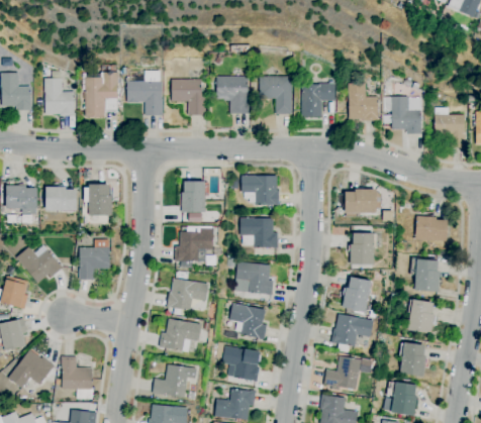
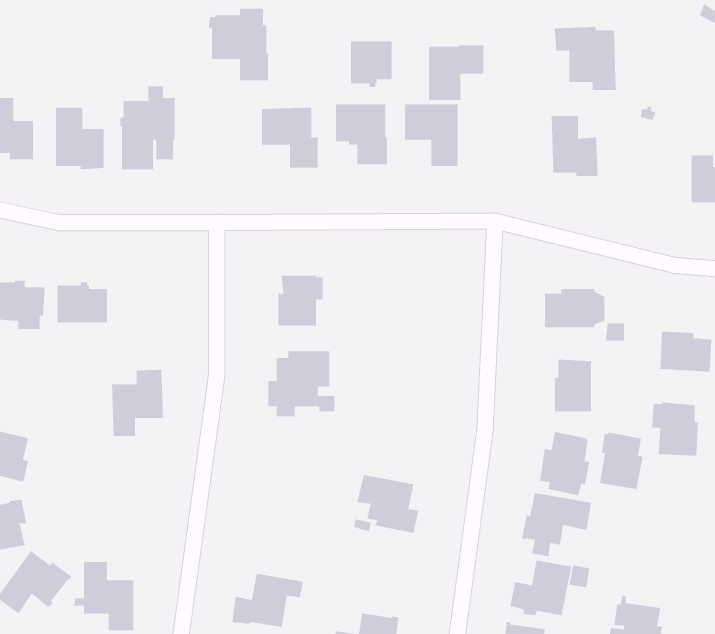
building: none -> [350,41,392,88]
building: [125,71,163,115] -> [208,8,269,81]
building: [301,83,335,117] -> [428,45,484,101]
building: [383,95,421,134] -> [554,26,616,91]
building: [242,175,279,205] -> none
building: [83,184,112,215] -> none
building: [239,217,278,248] -> none
building: [16,245,63,283] -> none
building: [234,261,274,295] -> none
building: [167,278,208,310] -> none
building: [407,299,435,334] -> [599,432,644,490]
building: [159,318,201,352] -> none
building: [400,342,426,377] -> none
building: [222,345,261,382] -> none

